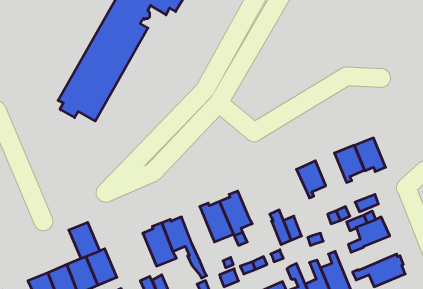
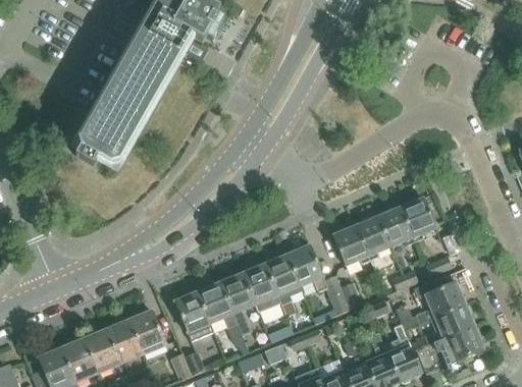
building: [354,138,386,172] -> [377,207,414,246]
building: none -> [332,226,370,265]
building: none -> [285,244,327,291]
building: none -> [219,270,255,334]
building: [69,222,100,259] -> [128,311,165,353]
building: none -> [425,305,473,345]

